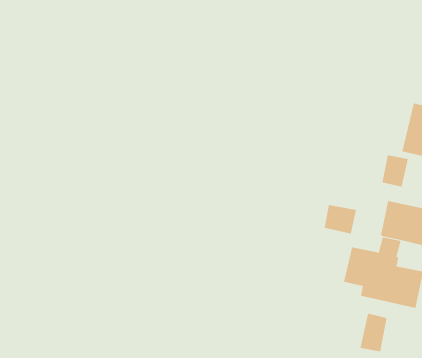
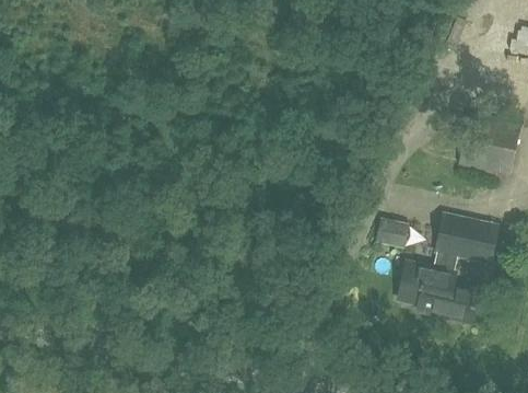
building: [382,155,408,187] -> none
building: [360,313,387,352] -> none

